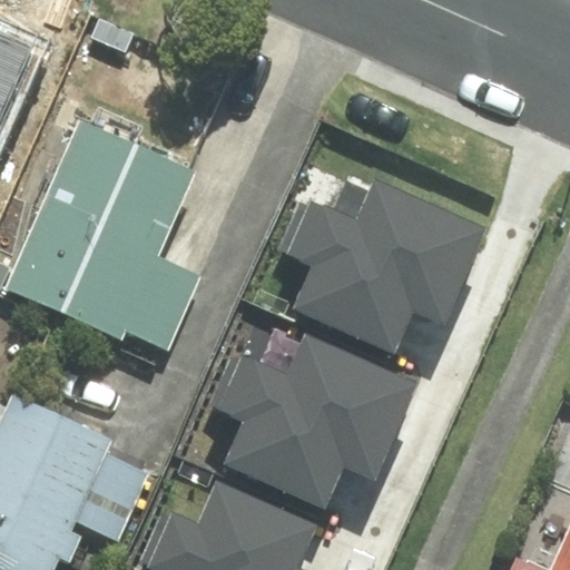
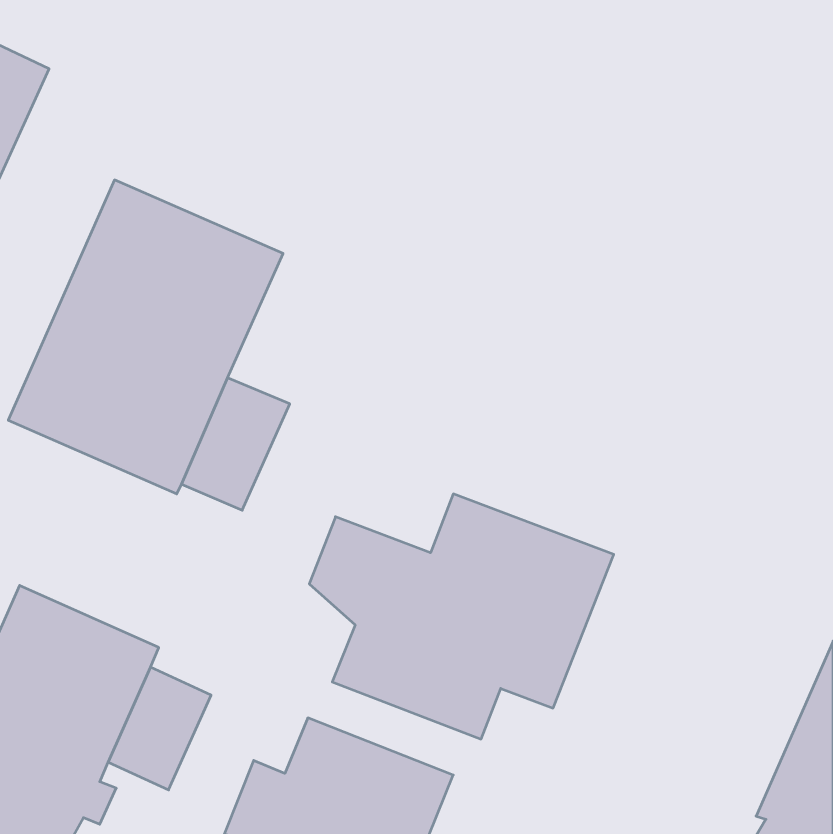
building: [284,168,495,346] -> none

